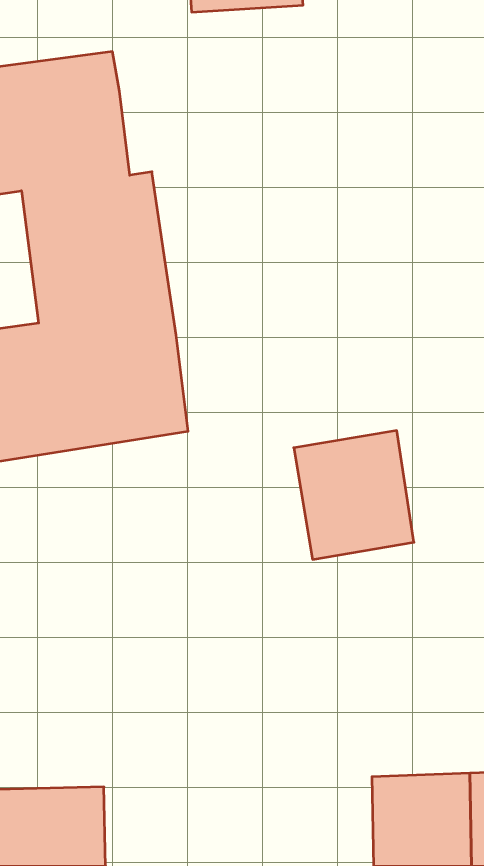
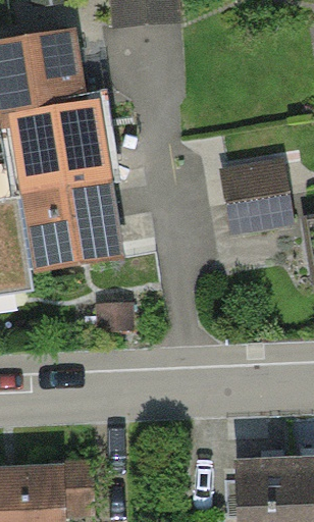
building: [294,431,414,559] -> [220,157,292,233]

